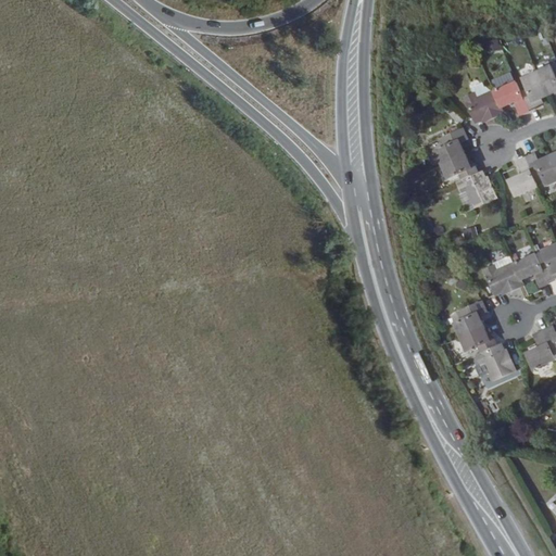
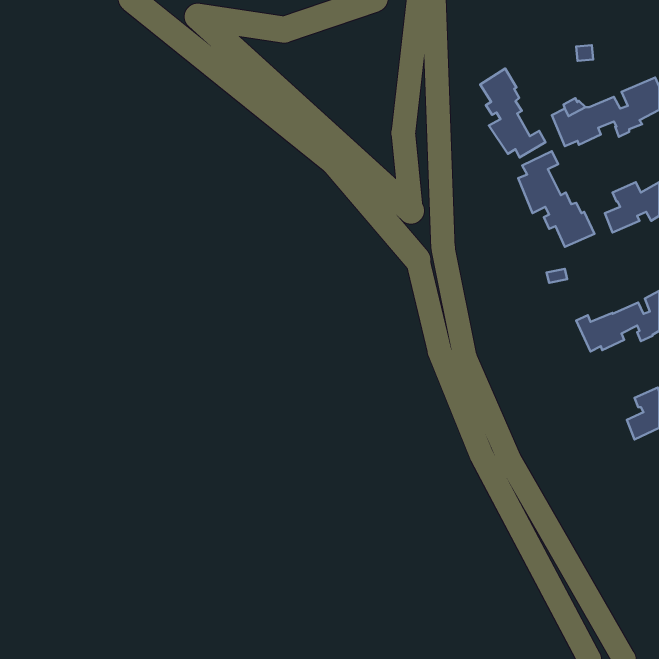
building: none -> [480,69,546,157]
building: [454,301,516,381] -> none

